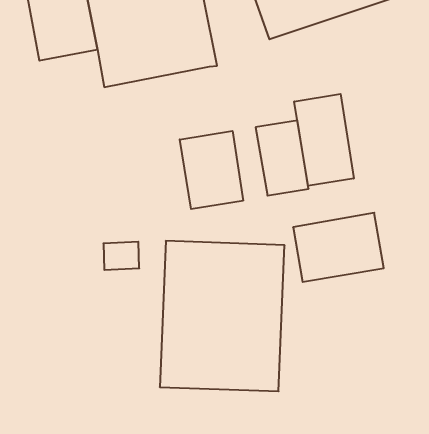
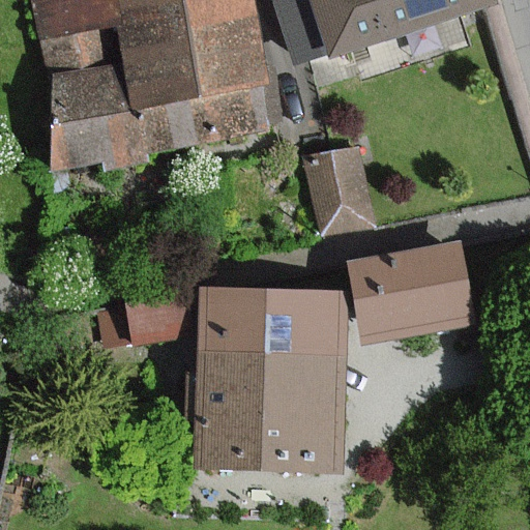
building: none -> [48,60,262,164]
building: [294,94,354,186] -> none
building: [180,131,243,209] -> none

